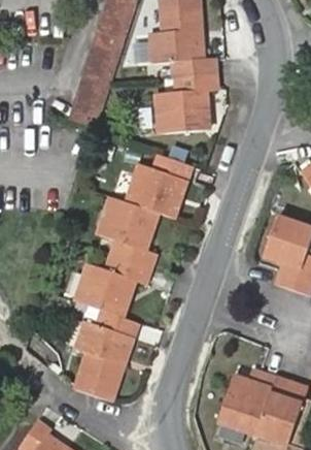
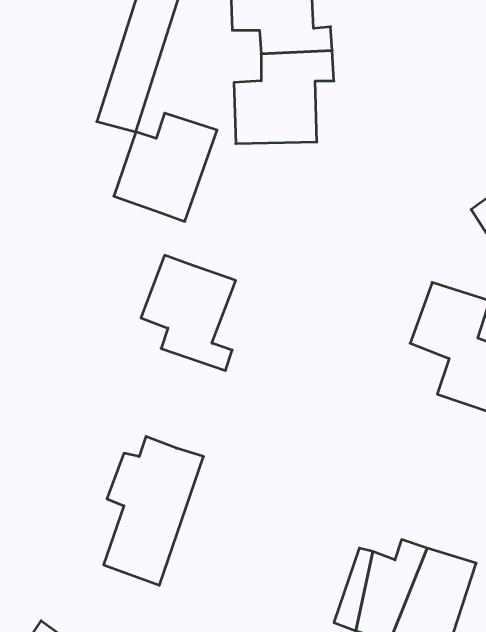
building: [129,153,192,219] -> [114,113,217,221]
building: [77,255,151,316] -> none

